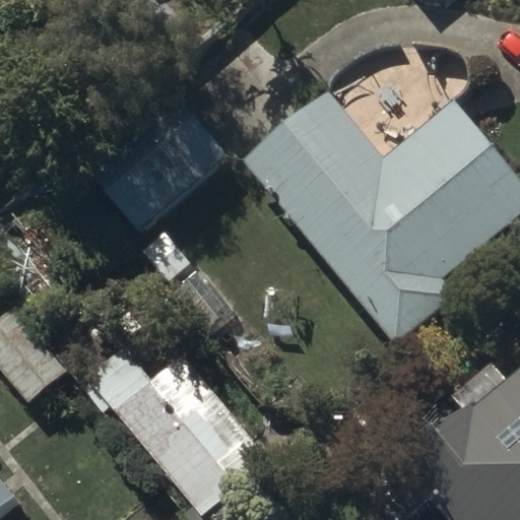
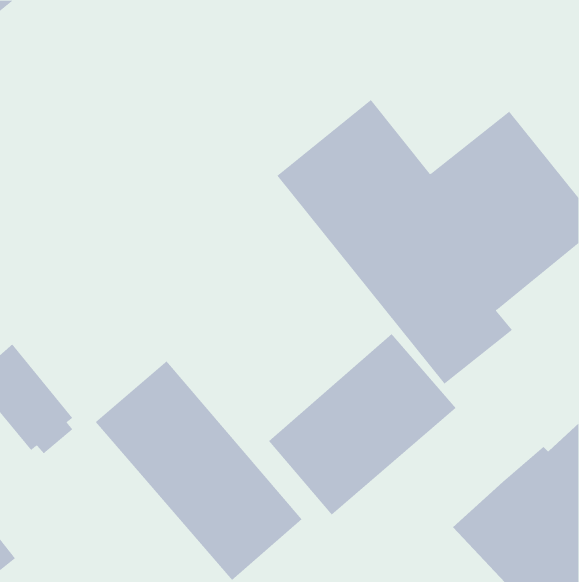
building: [88,95,223,226] -> none
building: none -> [268,333,456,515]

